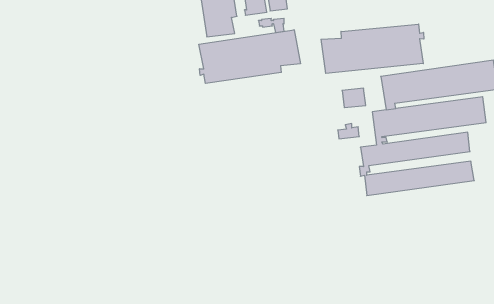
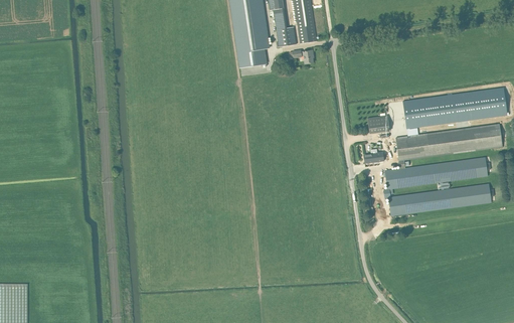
building: [321,24,424,73] -> none
building: [199,30,300,83] -> none

